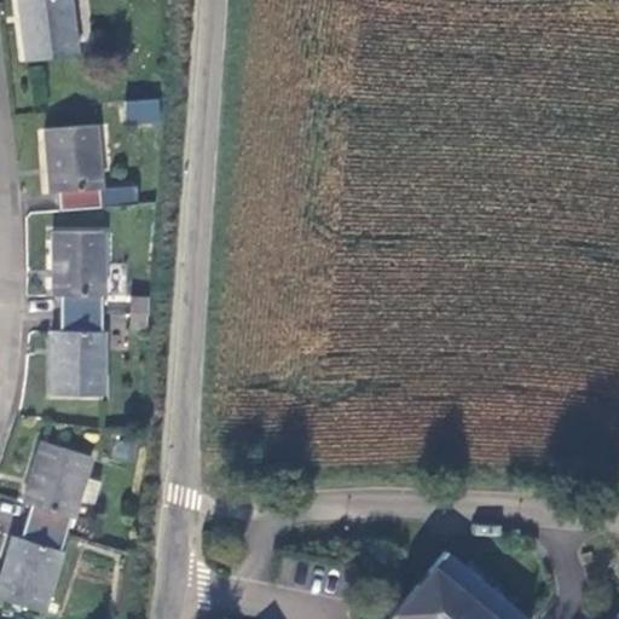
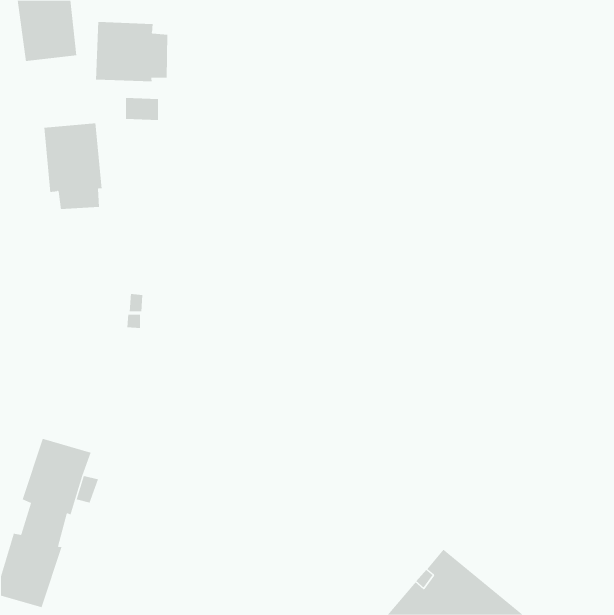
building: none -> [96,21,168,82]
building: [52,231,106,395] -> none

